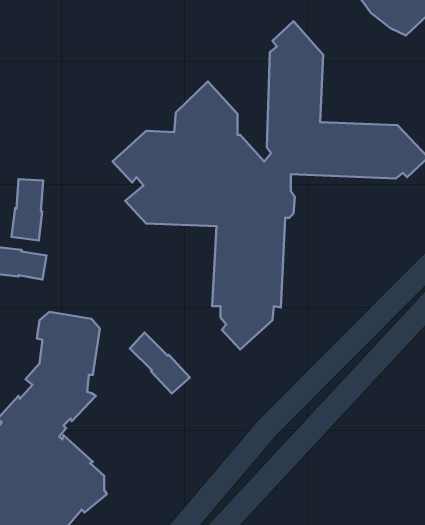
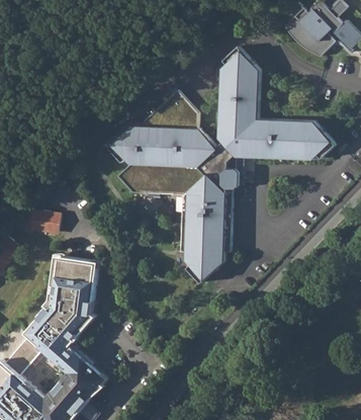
building: [12,179,43,240] -> none
building: [130,332,190,394] -> none

